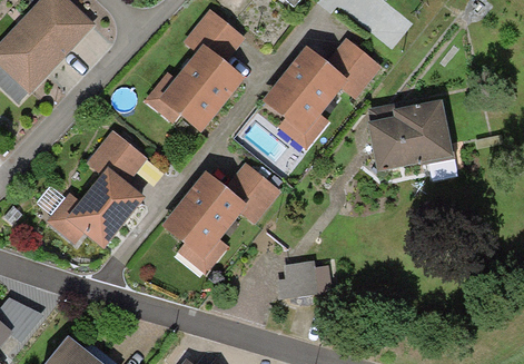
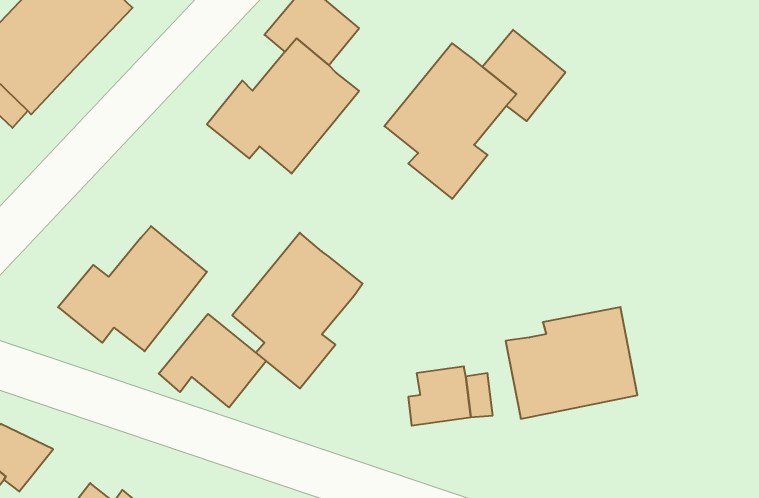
building: [367,99,454,173] -> [506,307,637,419]
building: [86,130,147,183] -> none
building: [225,161,280,223] -> none
building: none -> [159,314,266,407]

